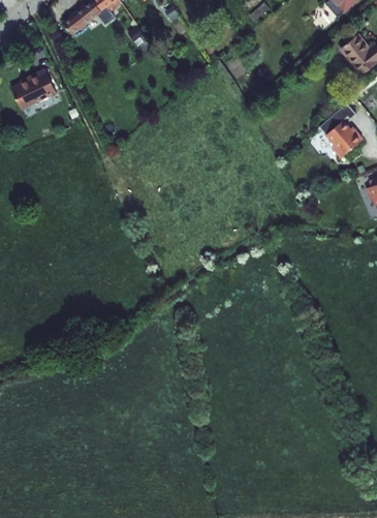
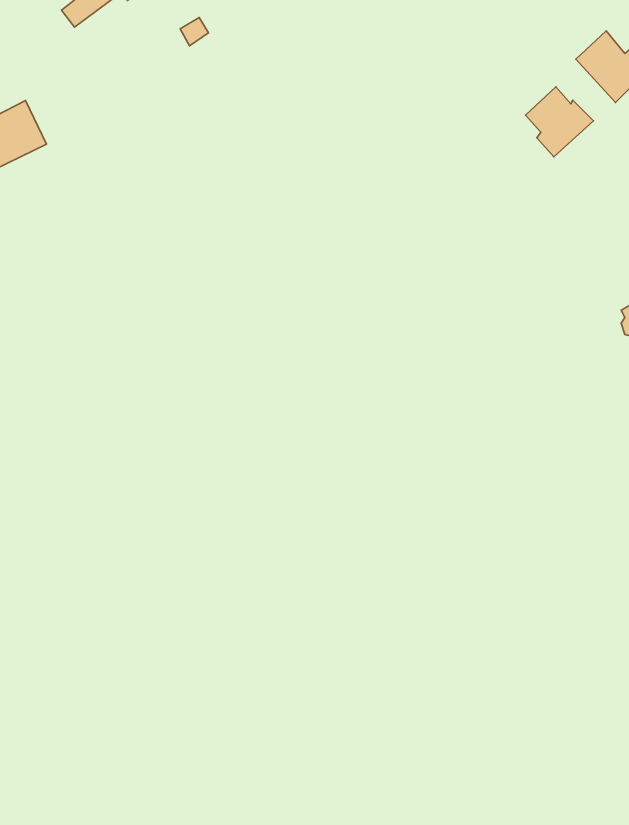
building: [327,118,365,156] -> [526,87,593,157]

